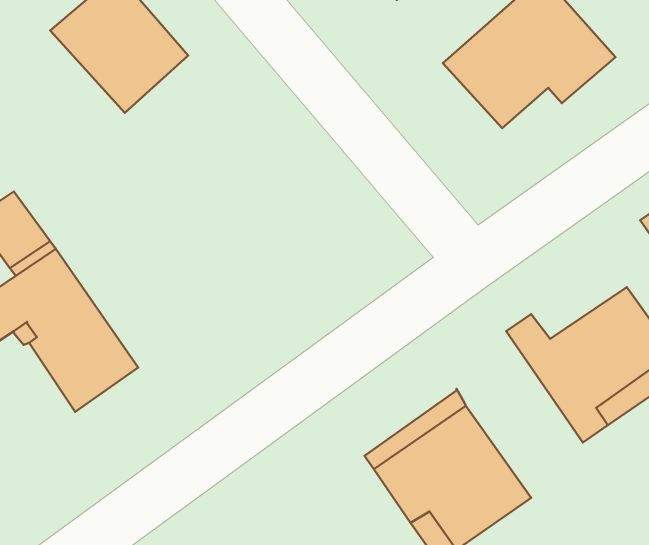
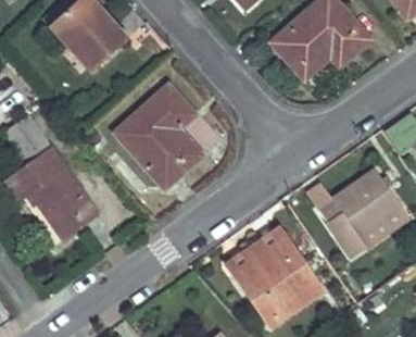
building: none -> [117,87,201,189]

